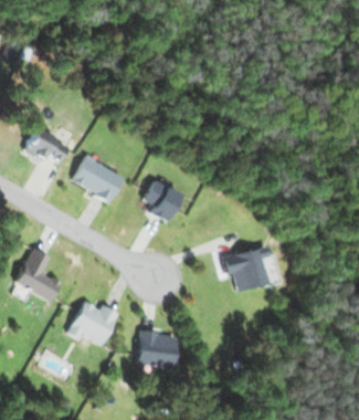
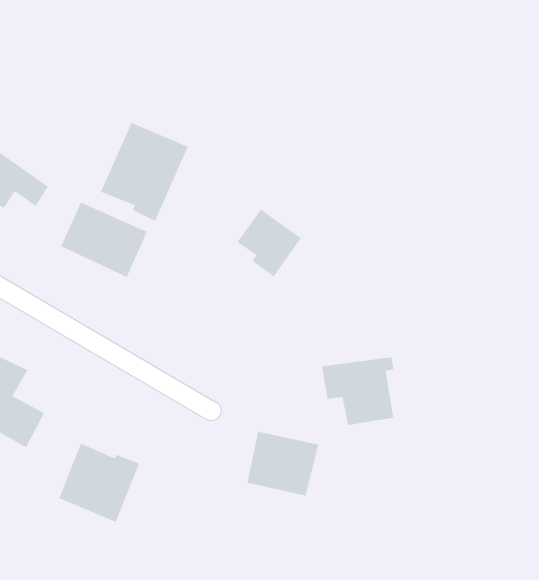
building: none -> [100,122,189,222]
building: [140,180,179,221] -> [236,208,302,278]
building: [137,329,180,368] -> [246,431,319,496]

